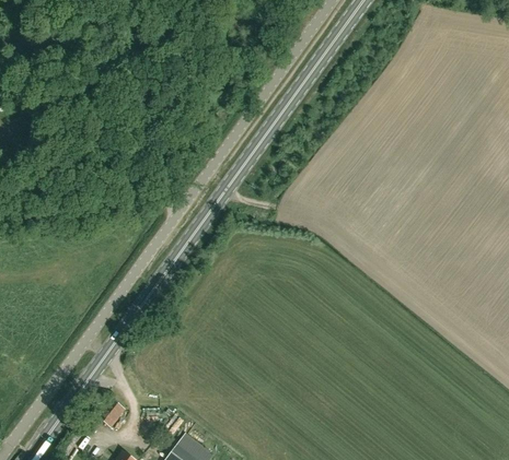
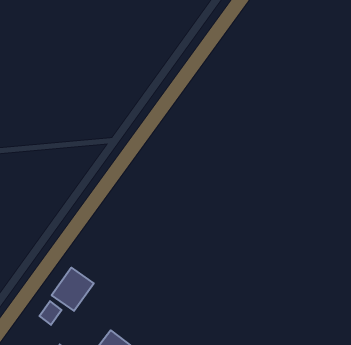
building: none -> [52,268,94,311]

